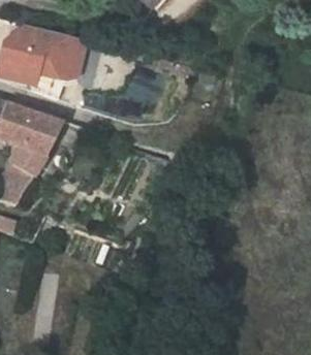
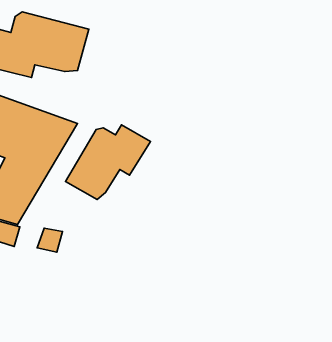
building: none -> [65,125,150,200]

